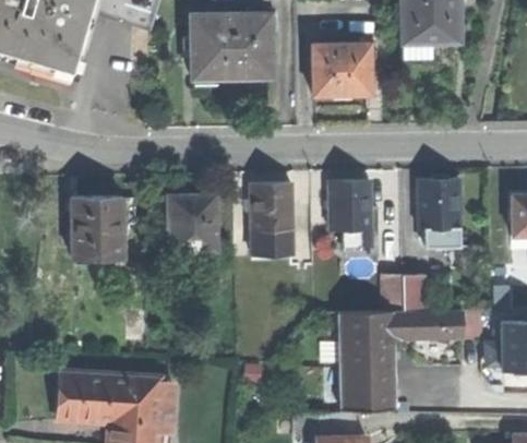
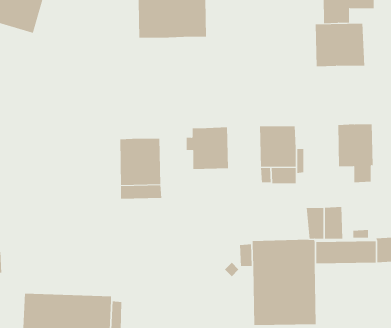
building: [312,46,370,96] -> [315,23,365,67]
building: [71,194,136,260] -> none
building: [252,229,294,255] -> none

